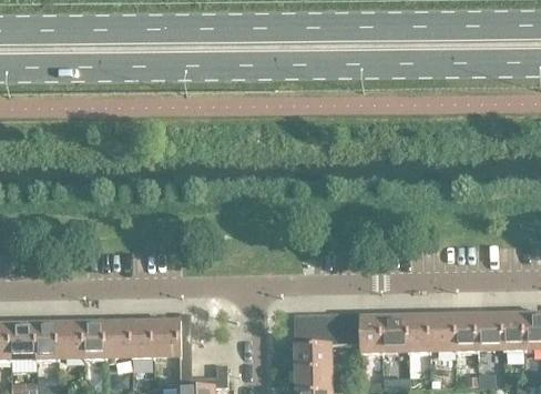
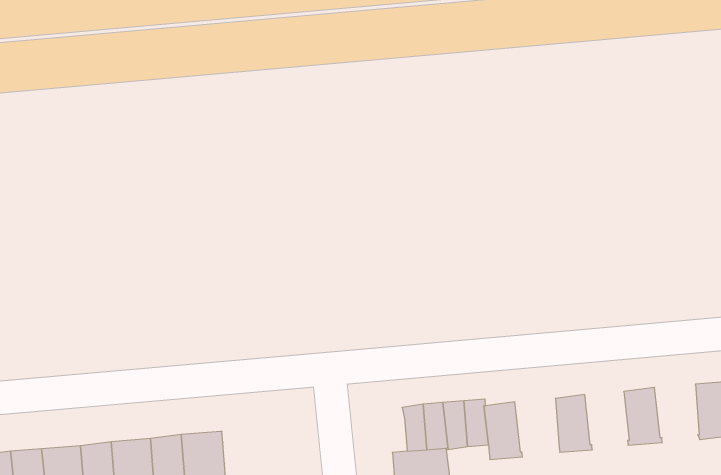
building: [474,312,502,346] -> none
building: [427,313,455,347] -> none
building: [379,314,407,348] -> none

